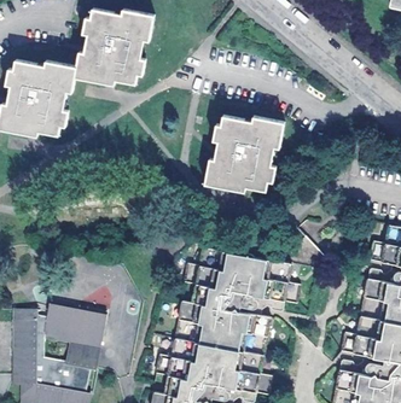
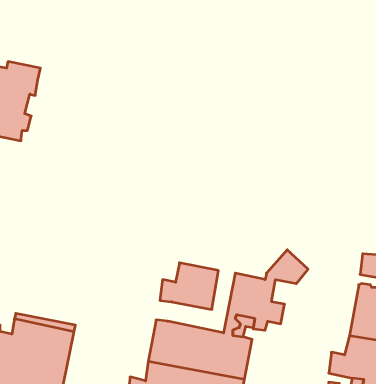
building: [72,11,152,86] -> none
building: [204,118,283,193] -> none
building: [193,257,256,315] -> none

